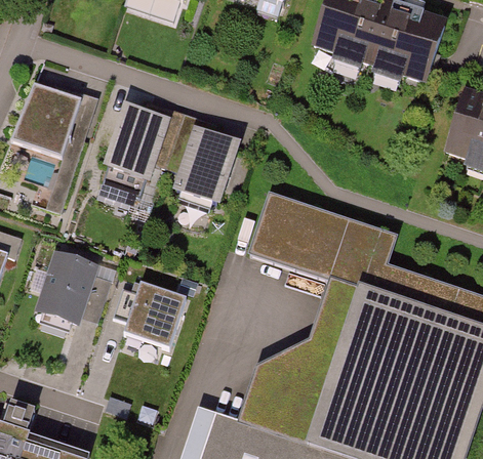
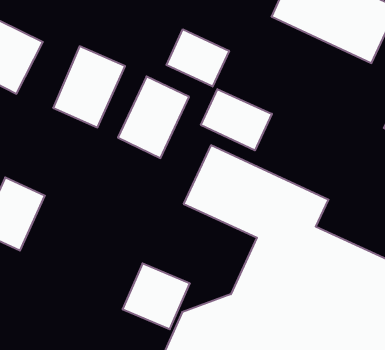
building: none -> [166,29,229,87]
building: none -> [201,89,272,150]
building: [126,279,194,344] -> [122,263,190,329]

